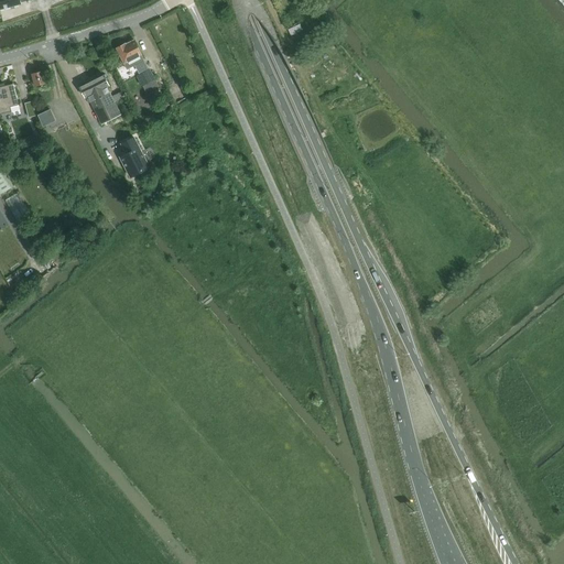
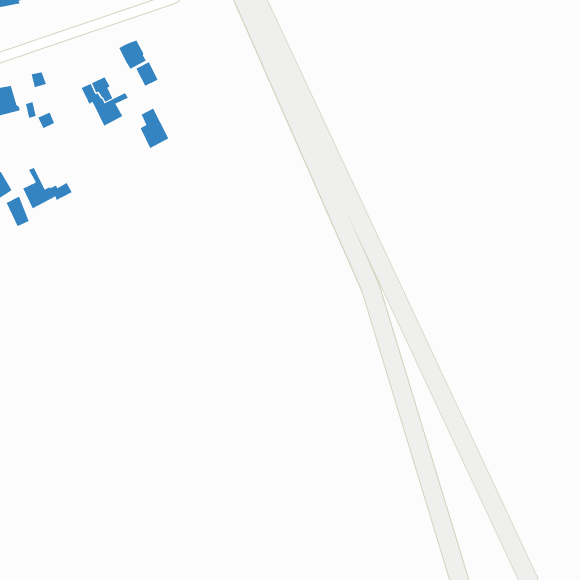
building: [119,135,148,175] -> [140,108,169,149]
building: none -> [23,167,73,209]

